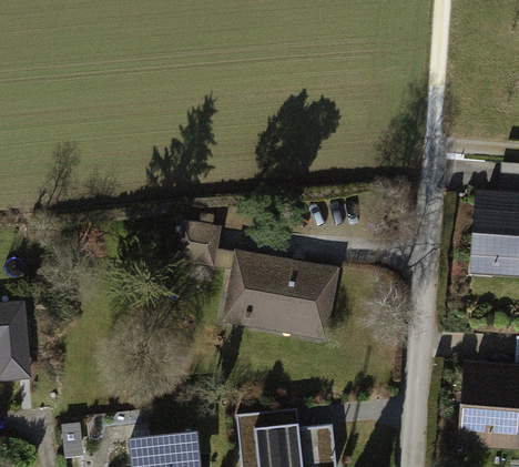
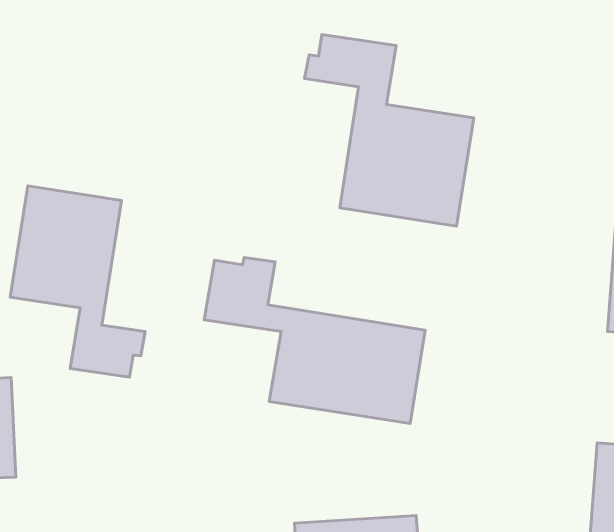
building: none -> [305,34,474,226]
building: none -> [10,186,145,377]

